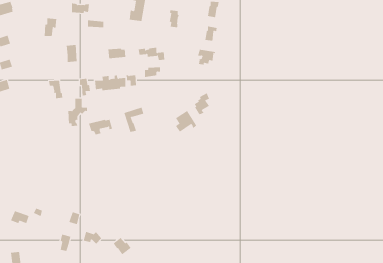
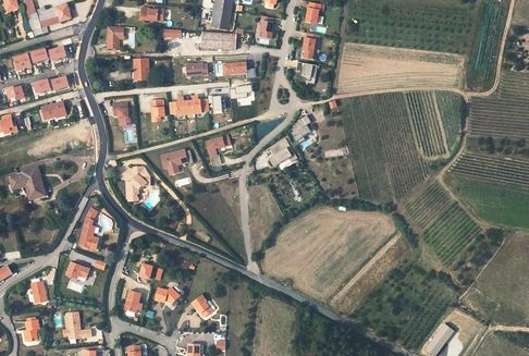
building: none -> [200,32,236,50]
building: [67,98,88,127] -> [125,167,150,201]
building: none -> [78,207,98,250]

